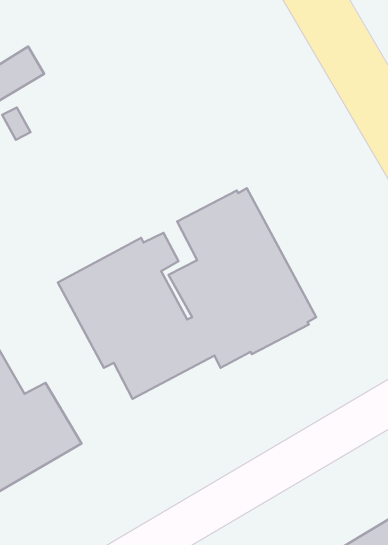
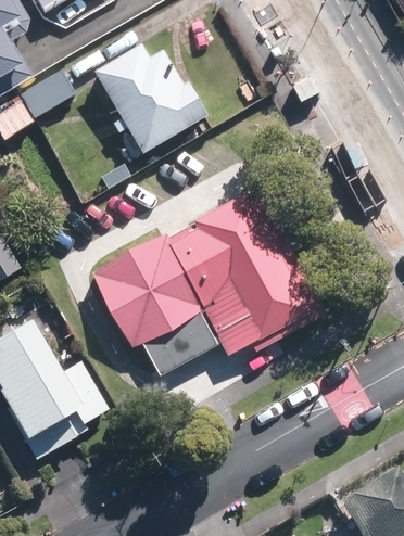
building: none -> [92,43,206,153]

